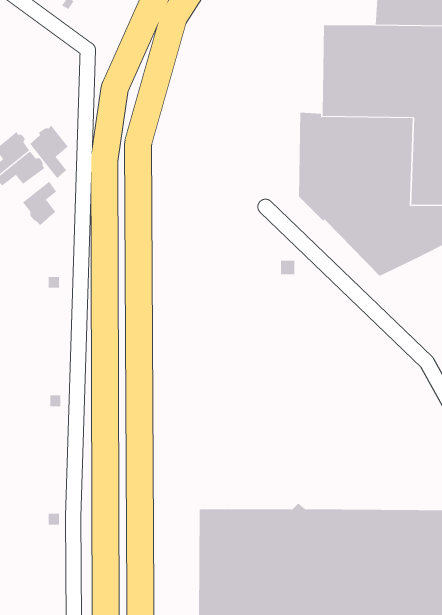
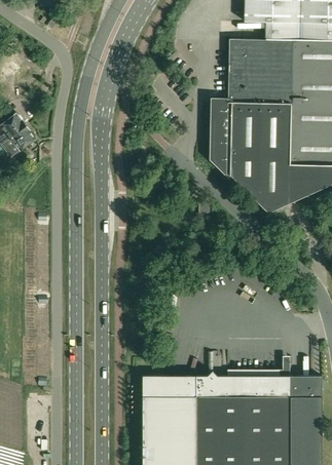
building: [30,125,68,179] -> none
building: [22,181,57,226] -> none

